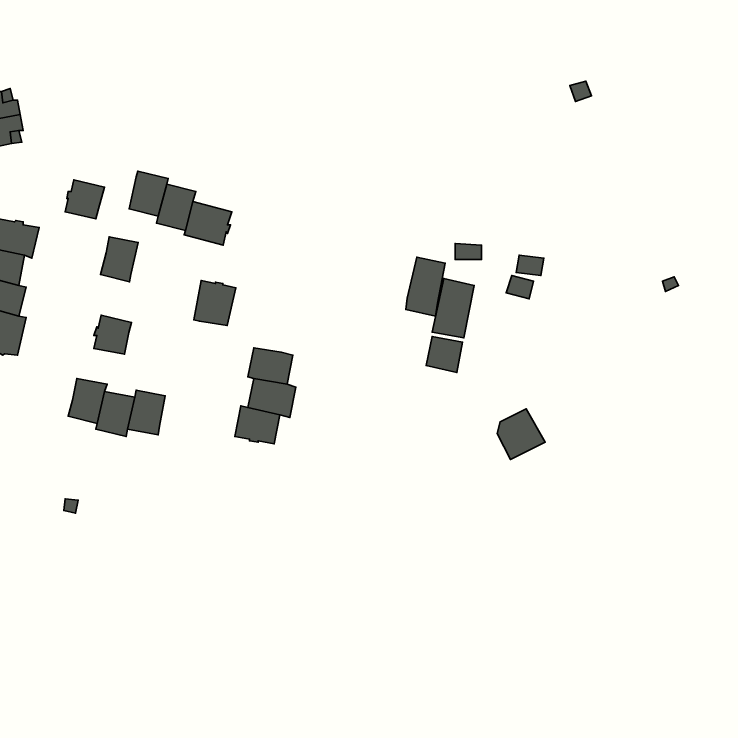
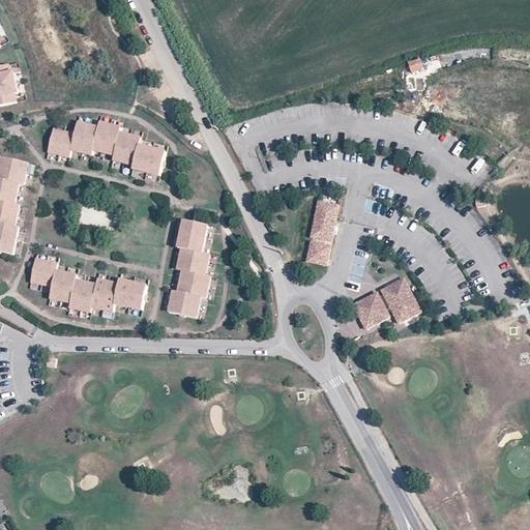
building: [100,237,138,282] -> [70,122,97,154]
building: [406,257,445,316] -> none
building: [194,281,236,326] -> [177,219,207,252]
building: [94,315,132,354] -> [30,258,57,286]
building: none -> [381,278,420,322]
building: none -> [114,279,146,310]

